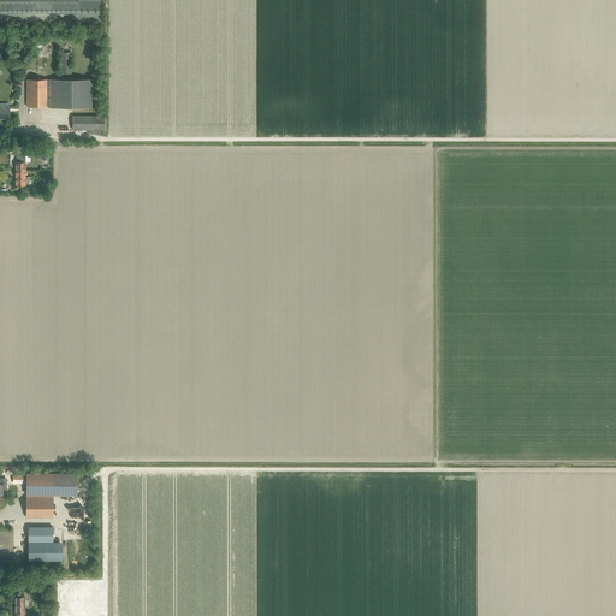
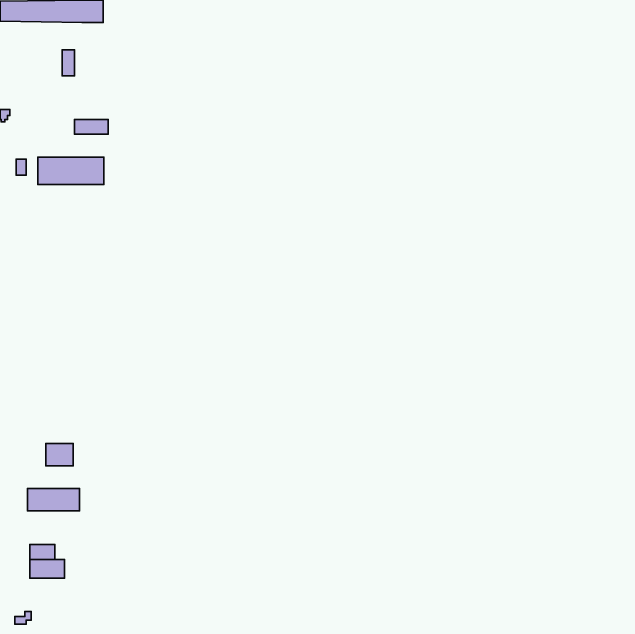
building: [26,81,90,107] -> [38,157,104,184]
building: [26,497,53,519] -> [46,444,73,466]

